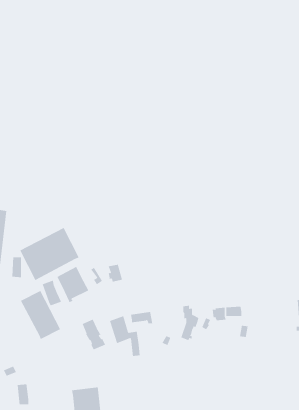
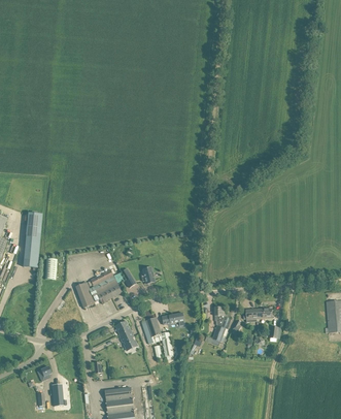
building: [19,227,80,281] -> none
building: [20,290,61,340] -> none

